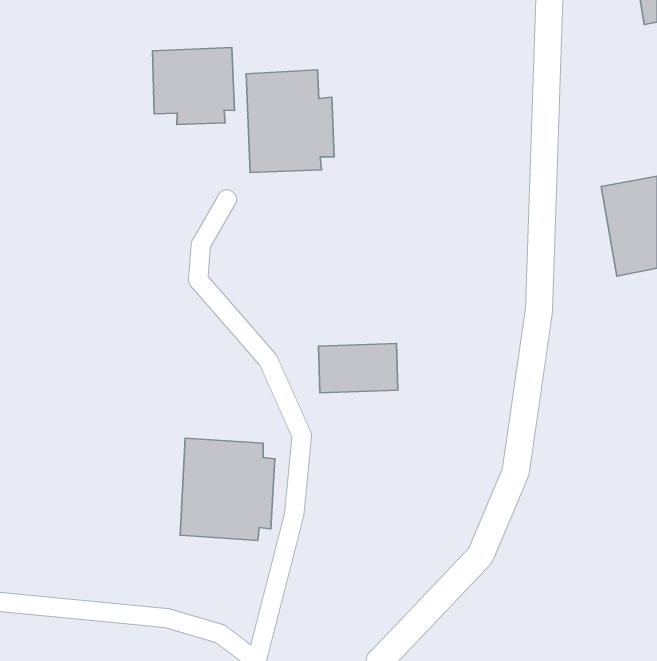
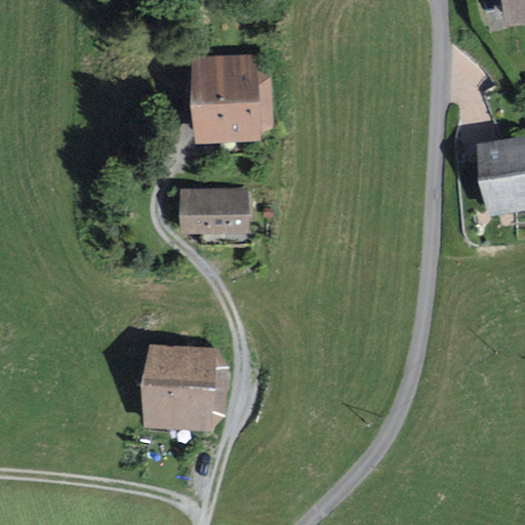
building: [152,48,235,125] -> none
building: [319,344,398,393] -> [180,191,243,230]

